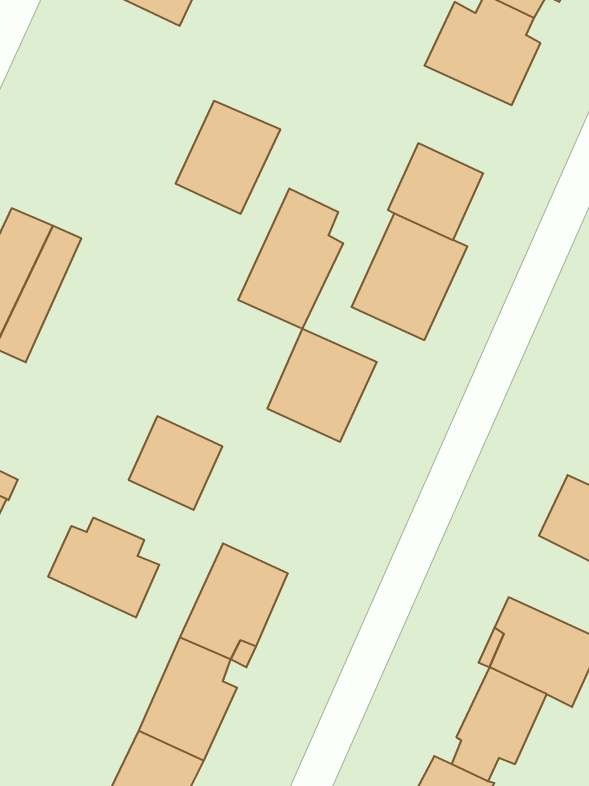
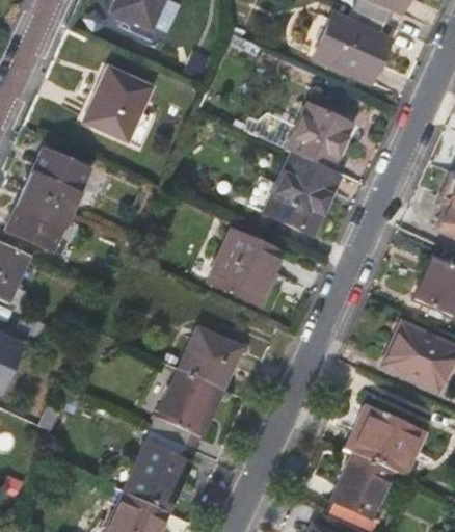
building: [176,101,280,214] -> [83,68,152,141]
building: [238,188,343,329] -> none
building: [129,416,222,510] -> [180,327,241,389]
building: [48,518,159,618] -> none

